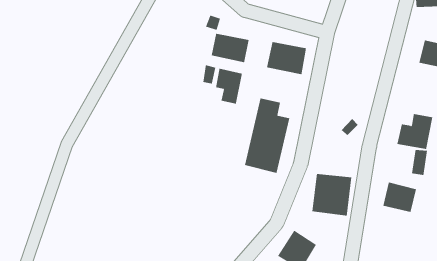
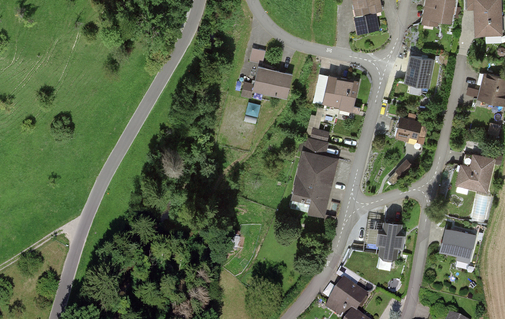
building: none -> [404,54,435,87]
building: [216,68,243,104] -> none
building: none -> [395,116,422,143]

